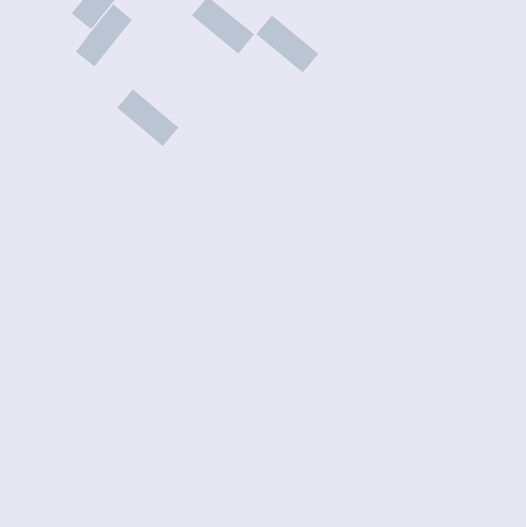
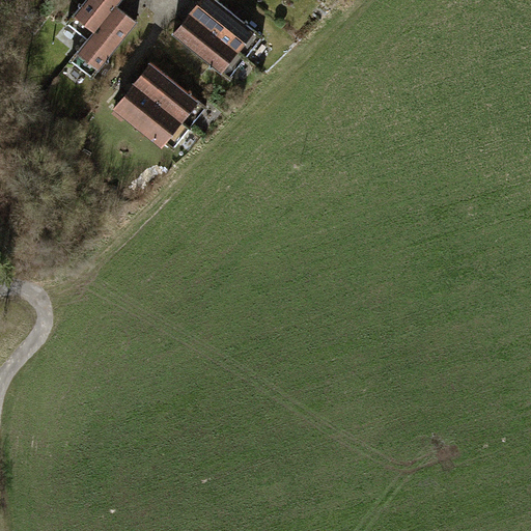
building: [255,15,320,74] -> [174,16,239,75]
building: none -> [133,67,197,128]

